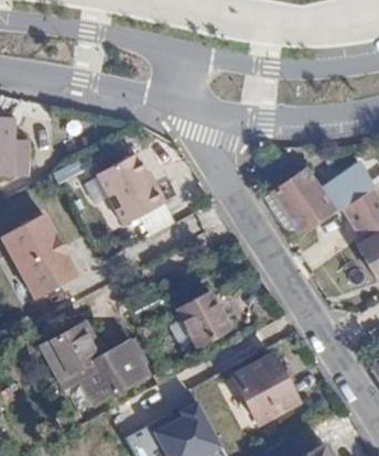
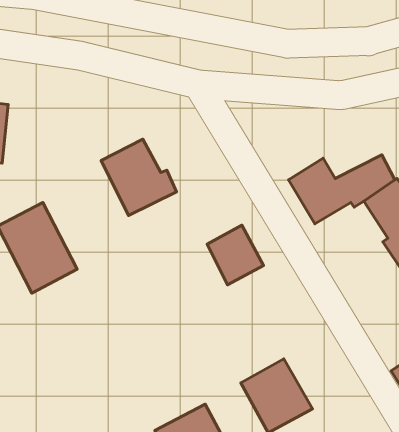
building: [177,294,229,349] -> [207,225,263,285]
building: [42,328,144,406] -> none

